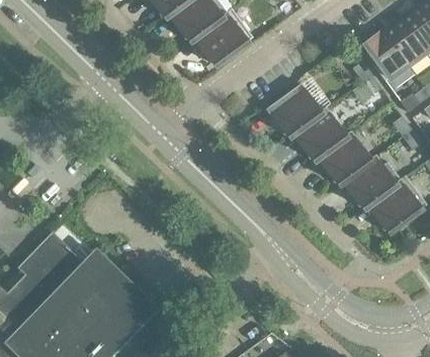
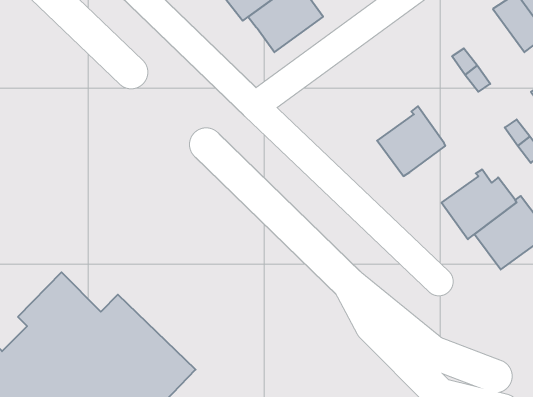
building: [365,33,408,83] -> none
building: [268,85,323,139] -> none
building: [320,132,372,186] -> none

